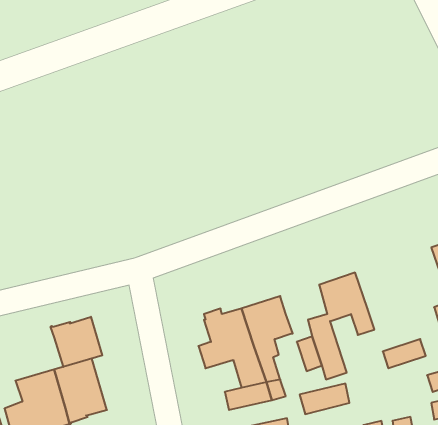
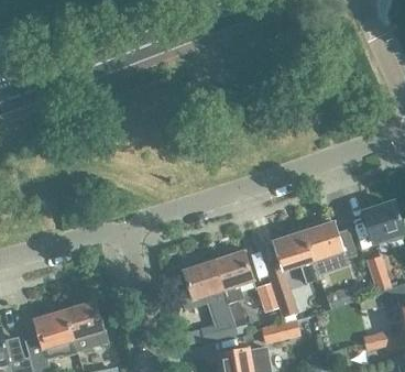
building: none -> [304,217,343,261]
building: [51,317,102,367] -> none

